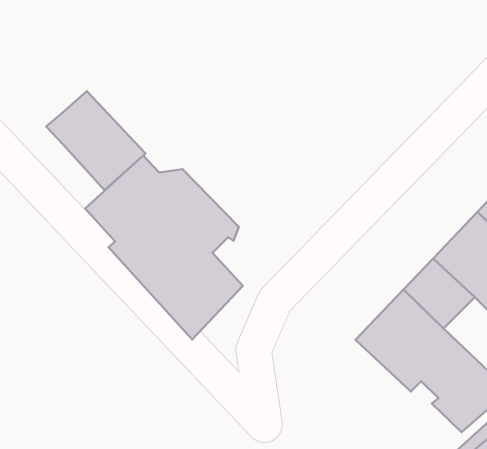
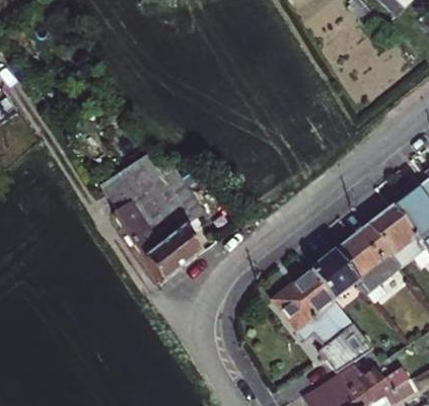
building: [46,91,145,190] -> none

